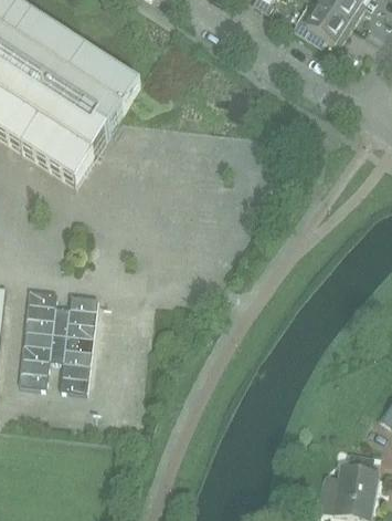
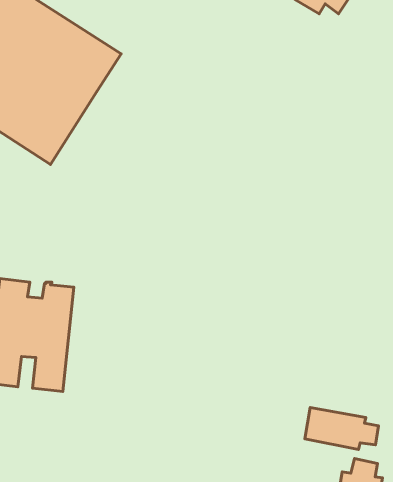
building: none -> [305,407,378,450]

